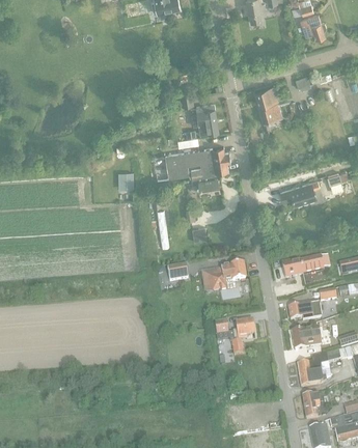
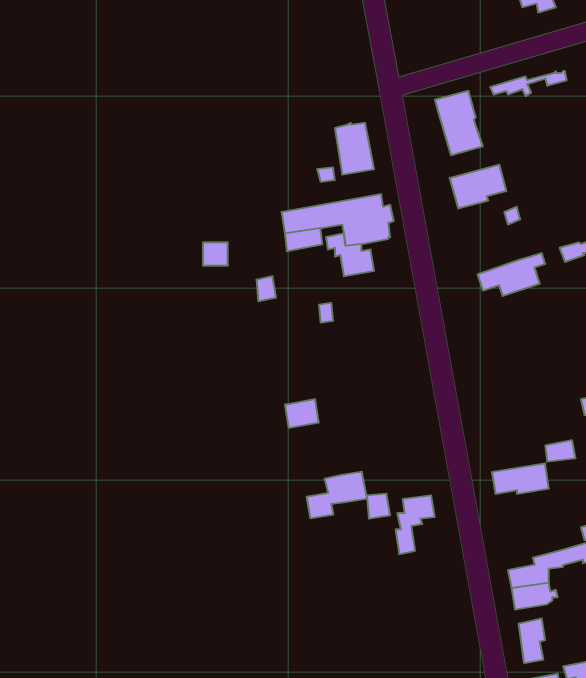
building: none -> [450,165,506,209]
building: [280,253,329,277] -> none
building: [210,261,245,288] -> [307,472,367,518]
building: [291,325,320,347] -> none

